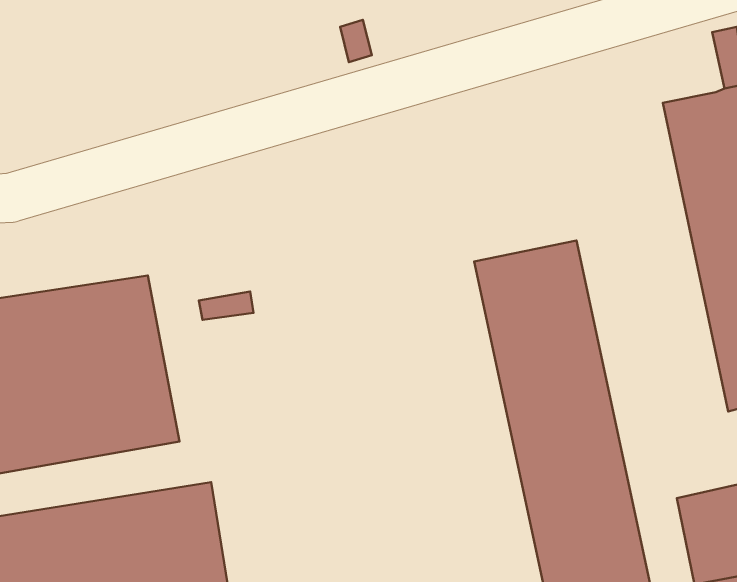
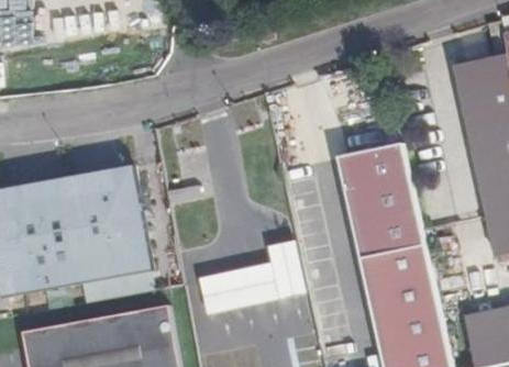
building: none -> [200,241,309,315]

